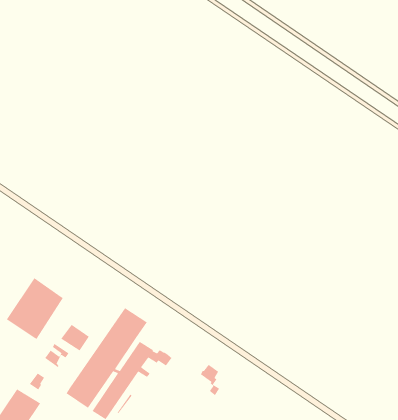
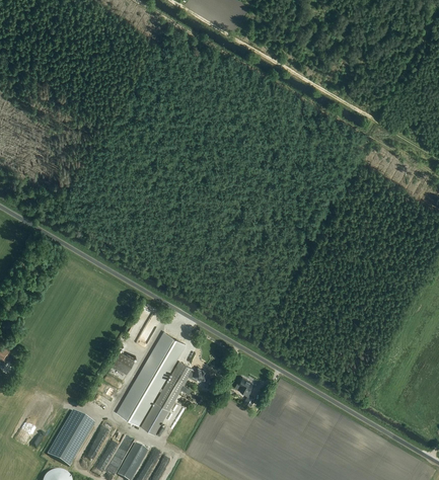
building: [6,277,64,340] -> none

